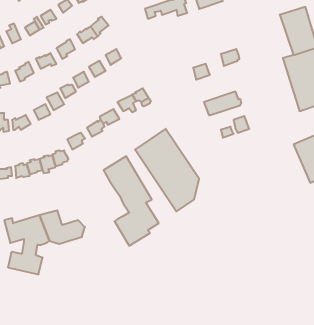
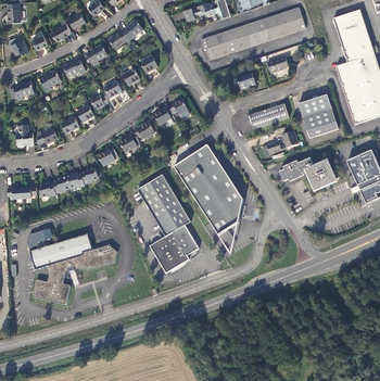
building: none -> [200,7,306,60]
building: none -> [297,93,339,138]
building: none -> [279,156,338,191]

